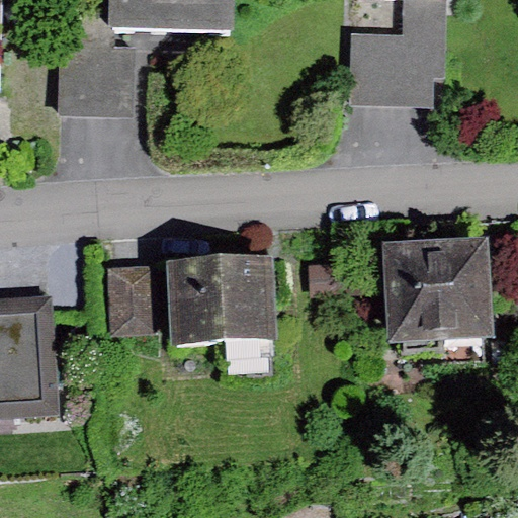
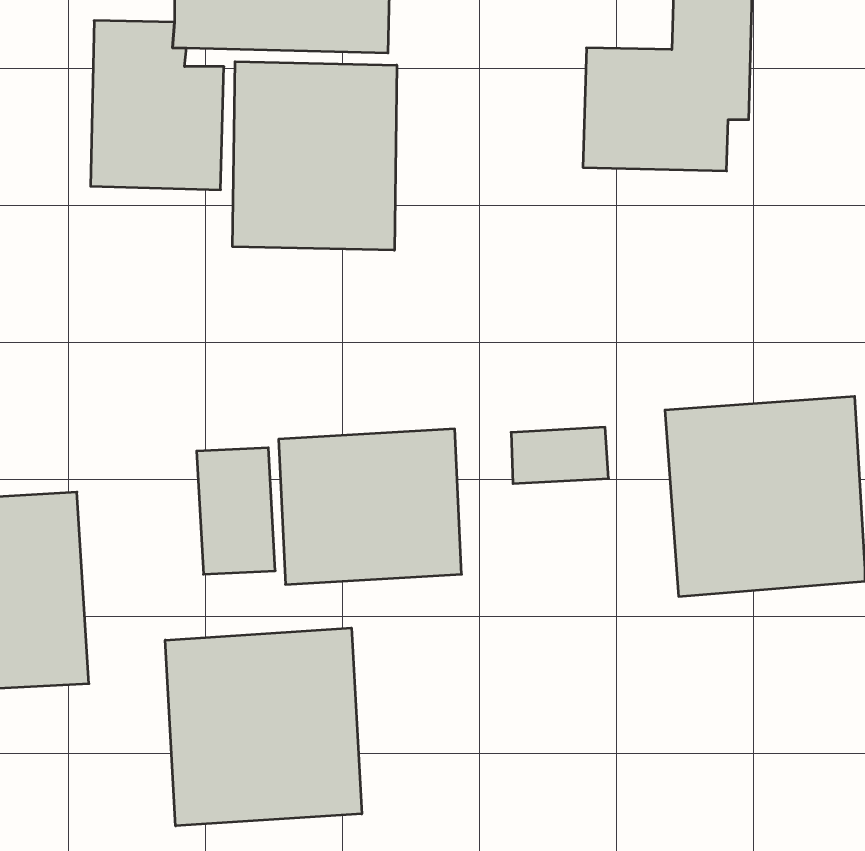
building: none -> [233,62,397,250]
building: none -> [165,628,362,826]

